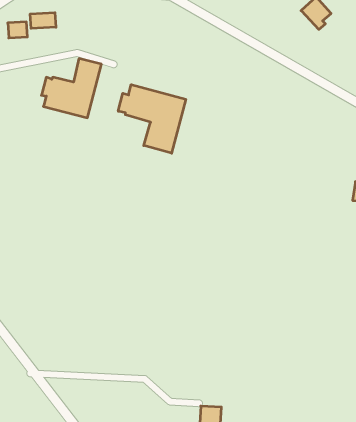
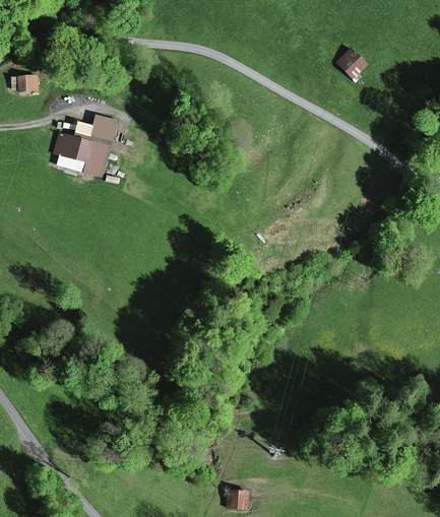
building: [30,13,56,28] -> none
building: [118,85,186,153] -> none

